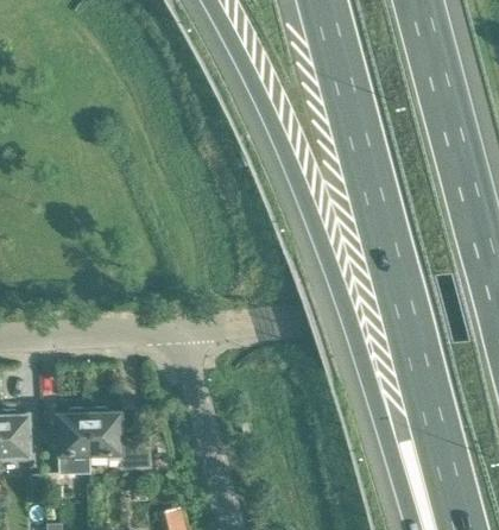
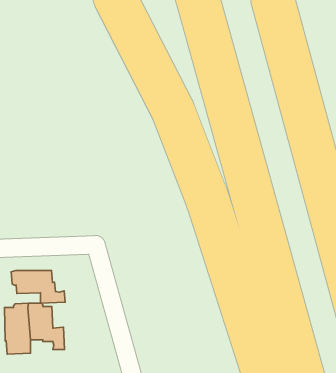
building: none -> [11,270,65,303]

